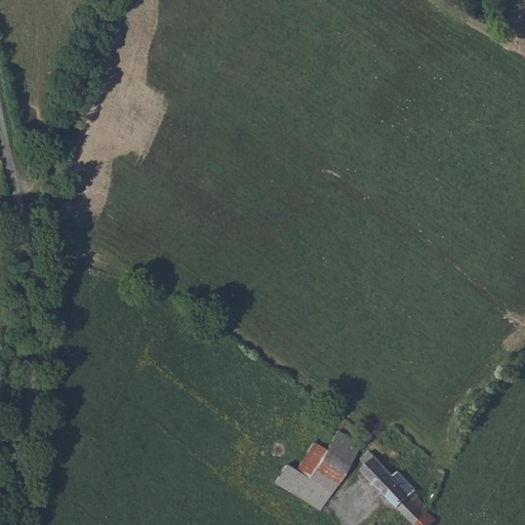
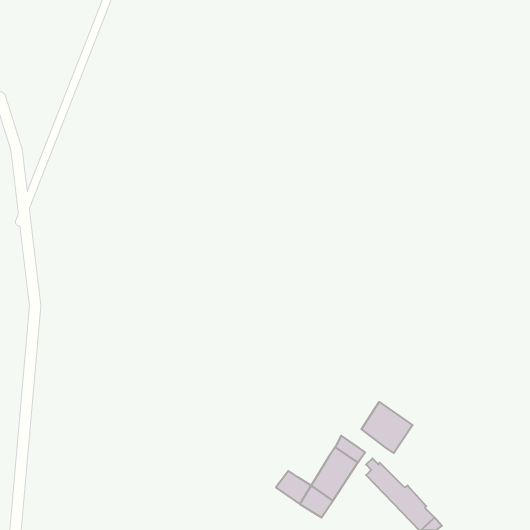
building: none -> [361,402,413,453]
building: [294,444,325,480] -> none

